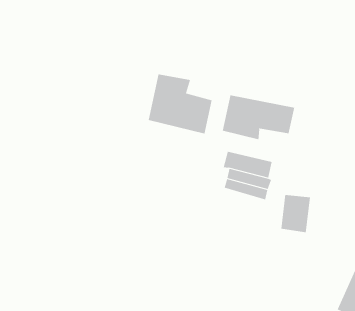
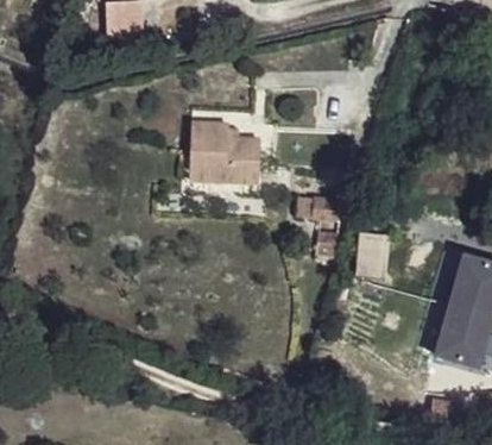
building: [222,94,295,140] -> none

